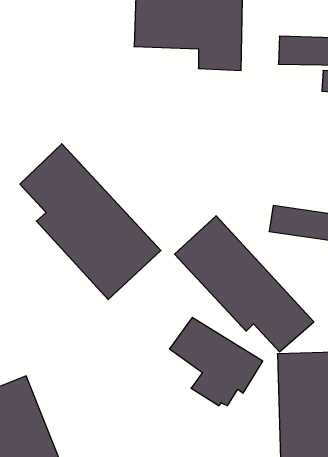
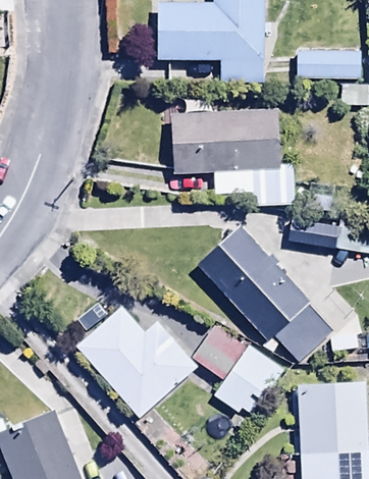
building: none -> [170,110,296,212]
building: [20,144,161,299] -> none
building: none -> [76,306,196,418]

